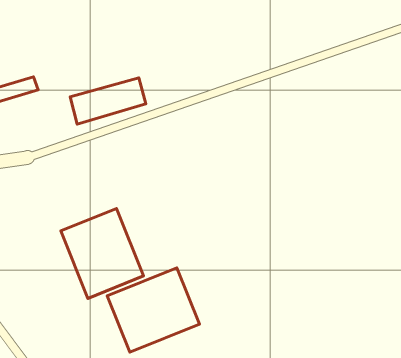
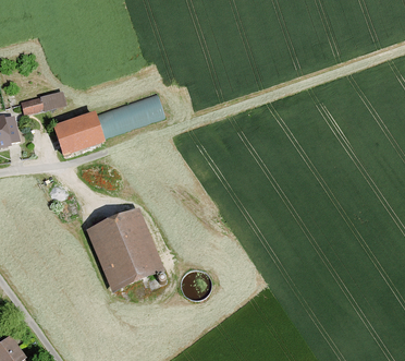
building: none -> [52,112,105,157]
building: [107,268,199,352] -> none

